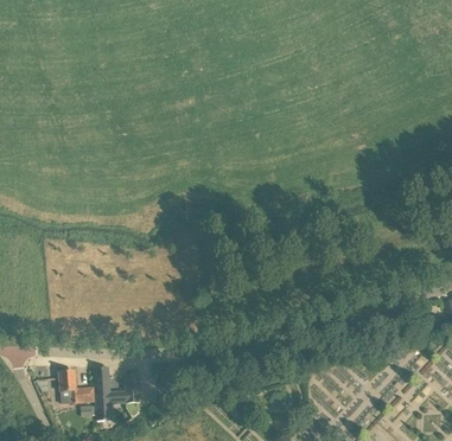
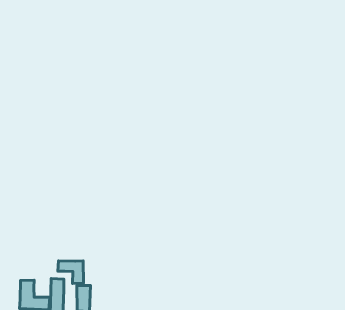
building: none -> [58,261,83,284]

